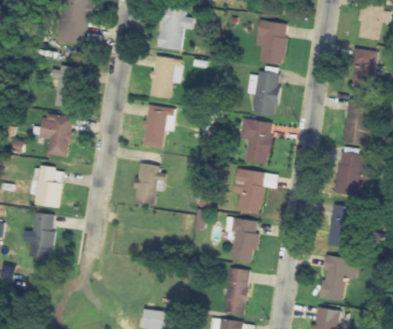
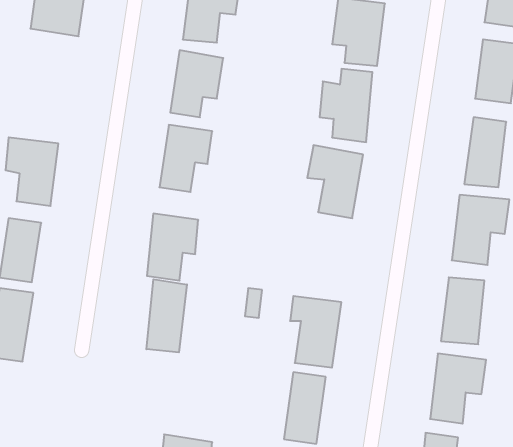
building: [52,66,80,109] -> none
building: [232,168,278,214] -> none
building: none -> [146,279,187,352]

